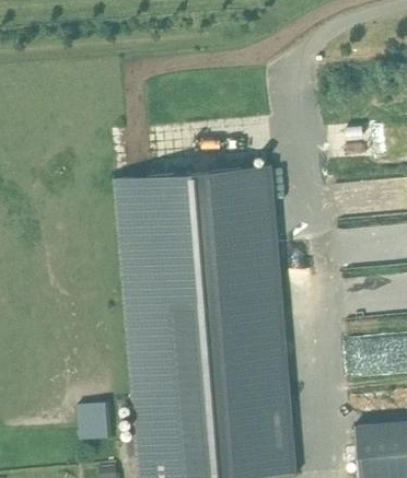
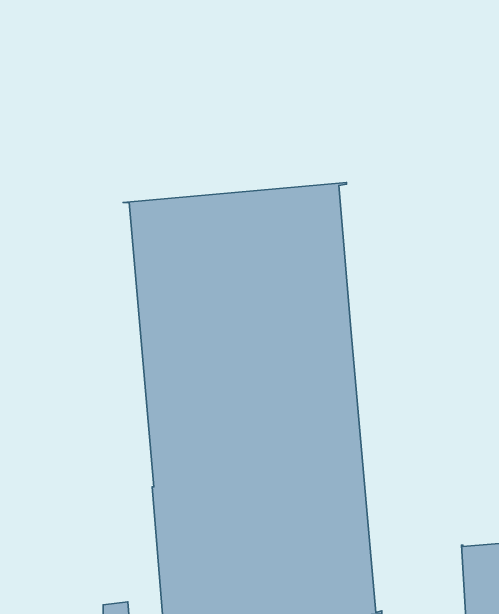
building: [75,404,103,439] -> none

